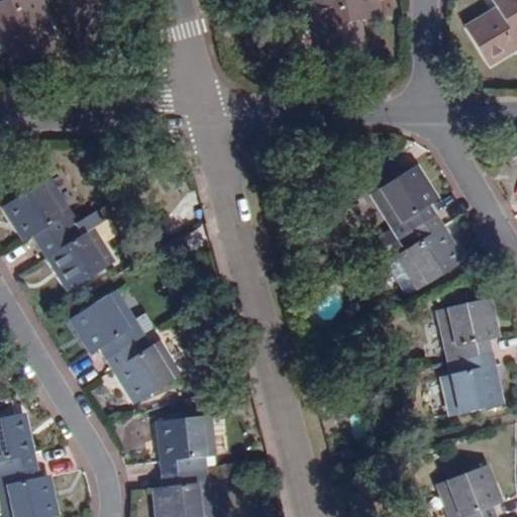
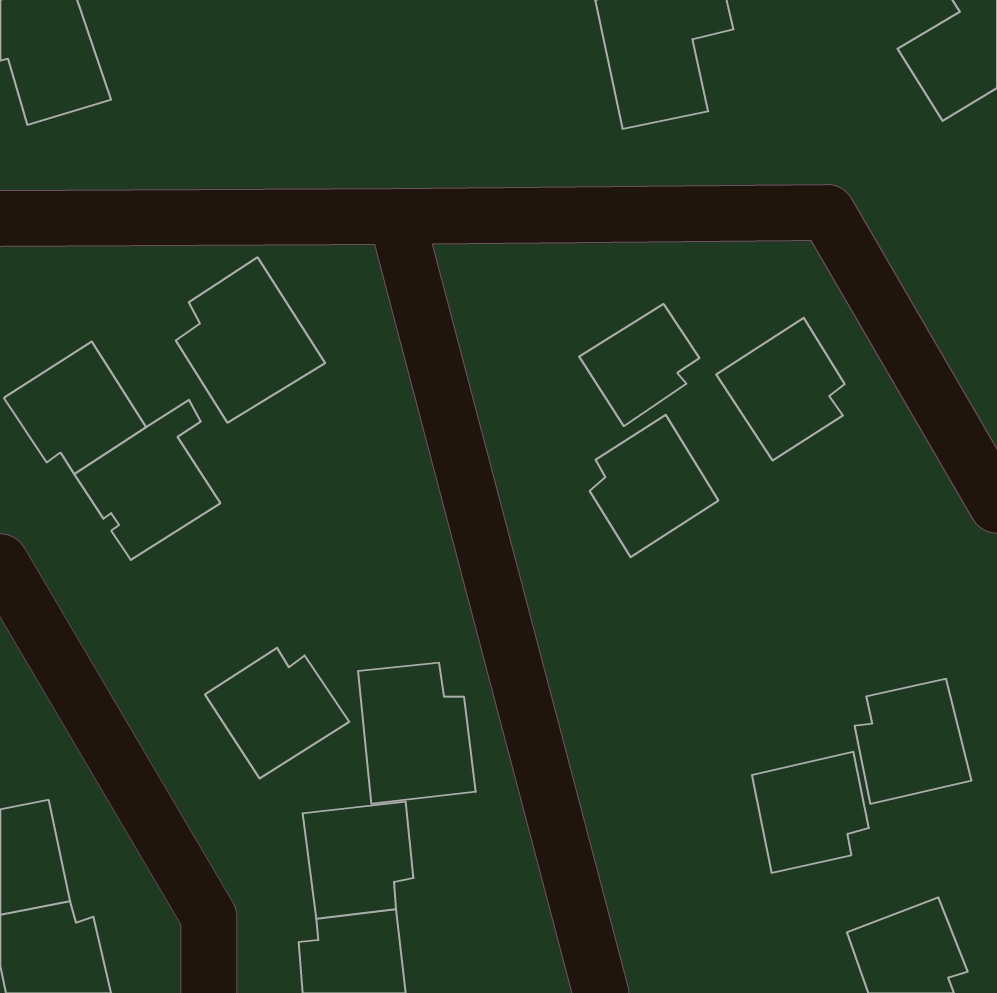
building: none -> [176,257,325,423]
building: none -> [579,304,699,426]
building: [397,215,463,289] -> [590,415,718,557]
building: [68,290,143,359] -> none
building: [438,298,499,360] -> [752,752,869,873]
building: none -> [358,663,476,804]

